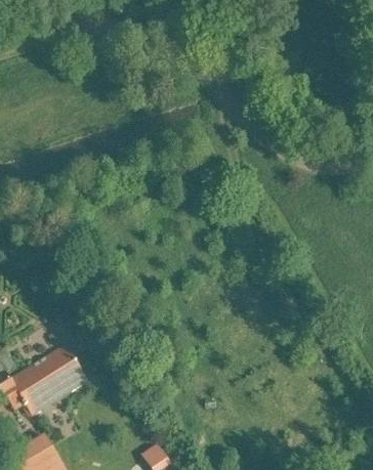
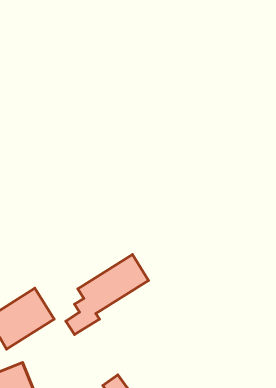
building: none -> [66,255,149,334]

